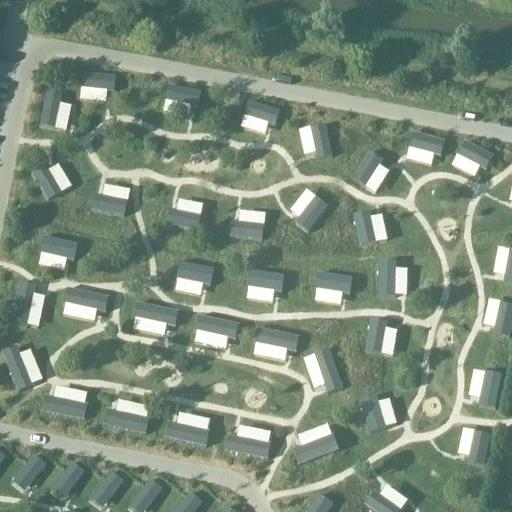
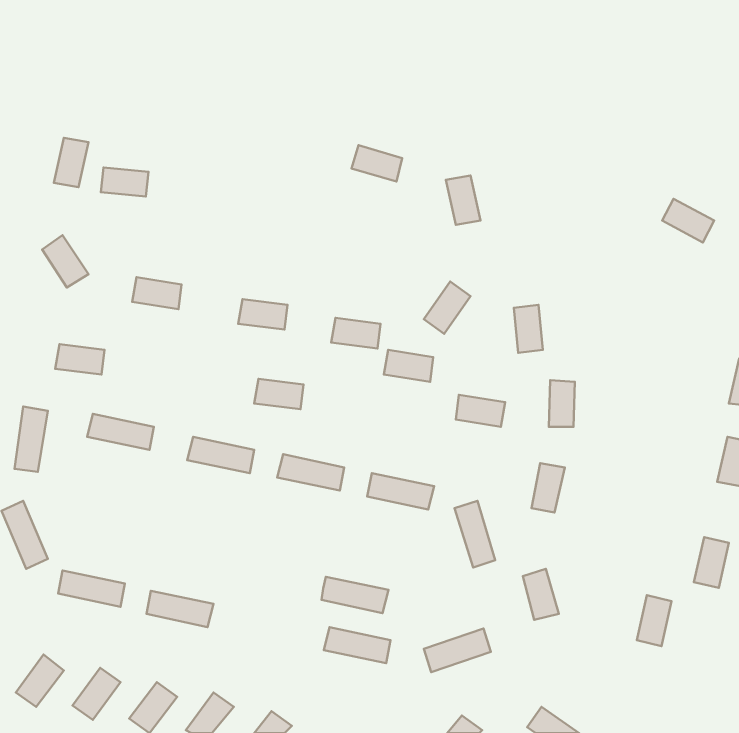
building: [80,72,113,92] -> [101,167,149,196]
building: [164,84,199,106] -> none
building: [409,131,444,155] -> none
building: [353,152,385,188] -> none
building: [249,268,283,290] -> [384,350,433,382]
building: [164,421,210,446] -> [322,577,388,613]
building: [468,430,492,465] -> [637,595,672,646]

